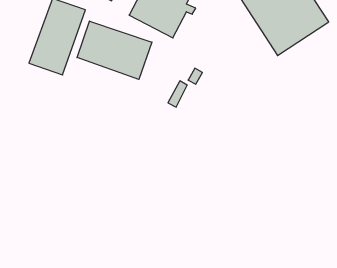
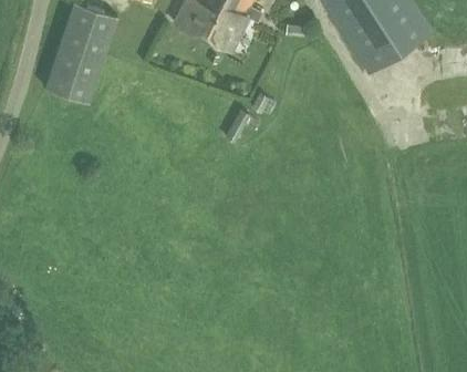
building: [77,21,152,79] -> none

